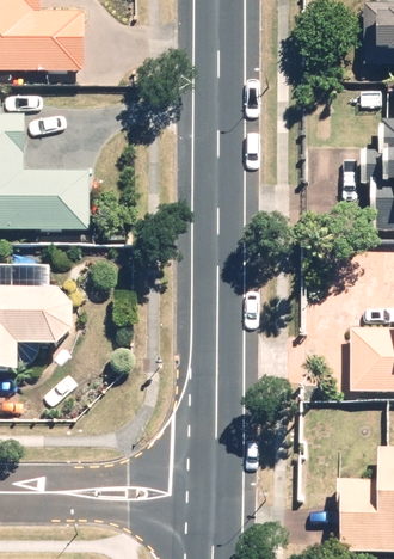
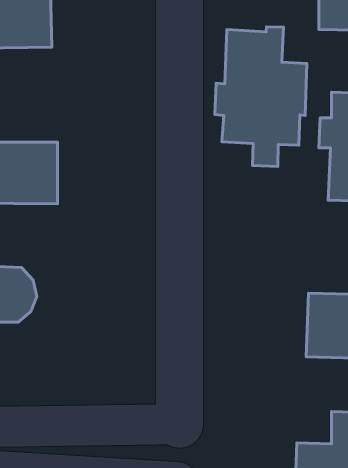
building: none -> [215,27,307,166]

